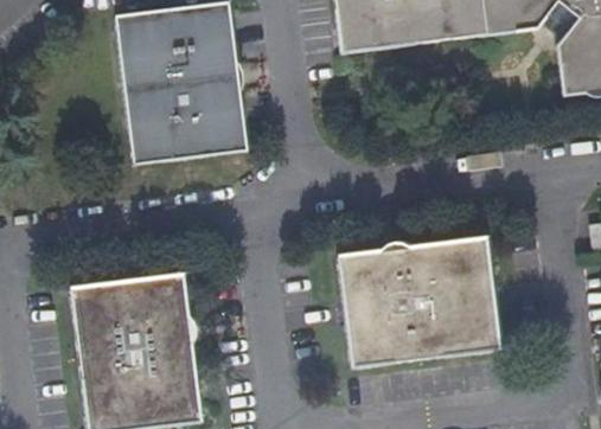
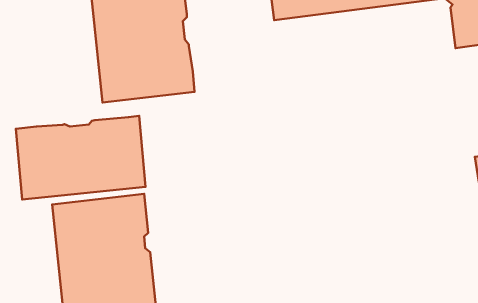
building: none -> [16,116,146,200]
building: [339,235,497,364] -> none

